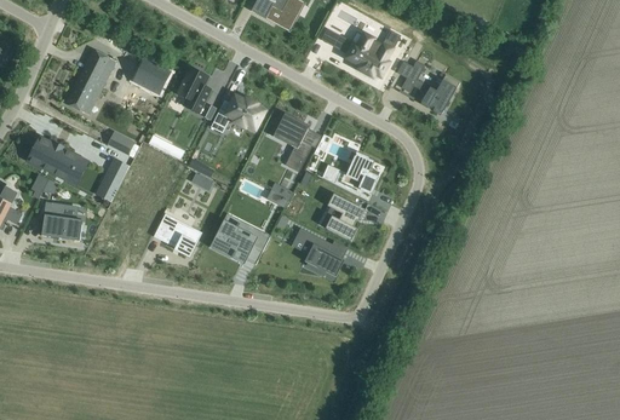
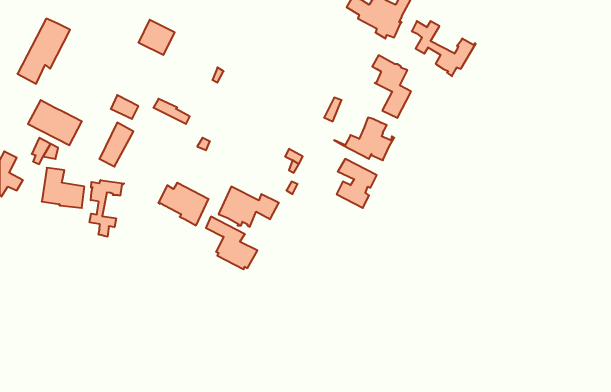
building: [65,48,116,111] -> [17,19,70,84]
building: [177,65,212,113] -> none
building: [211,96,264,131] -> none
building: [275,110,312,171] -> [372,55,411,118]
building: none -> [90,180,124,237]
building: [295,226,345,277] -> [206,217,257,269]

